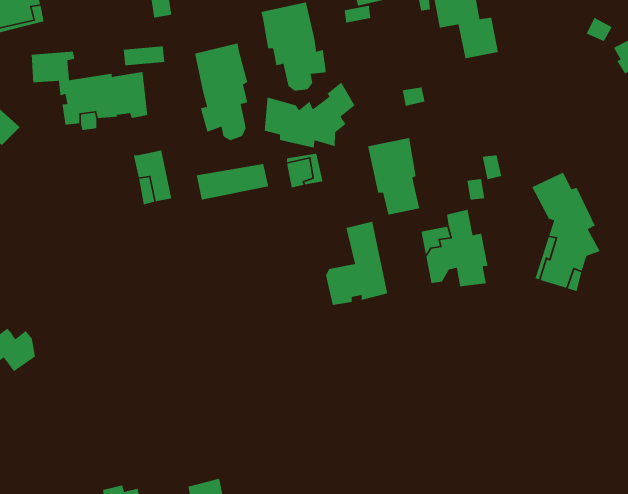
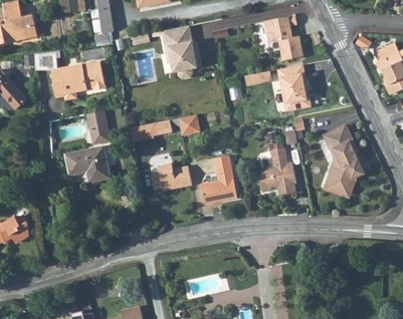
building: [194,42,248,141] -> none
building: [264,82,355,149] -> none
building: [367,137,420,216] -> [277,66,309,112]
building: none -> [67,146,113,183]
building: none -> [152,165,192,192]

